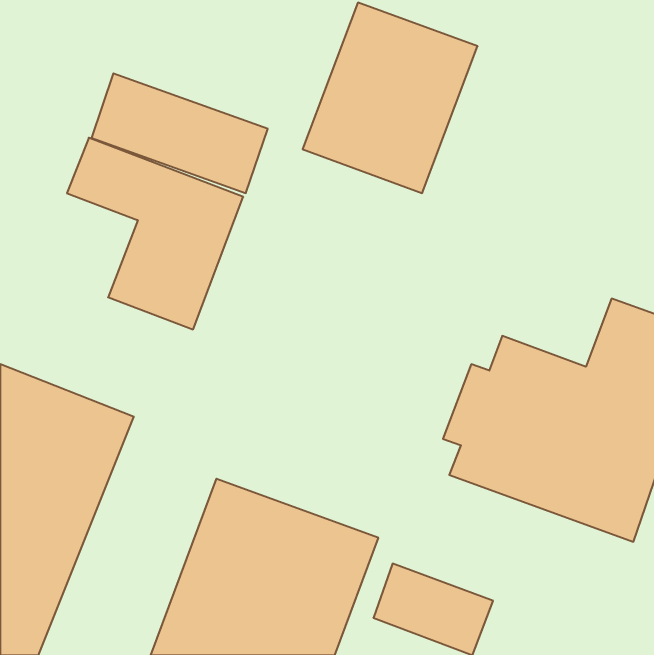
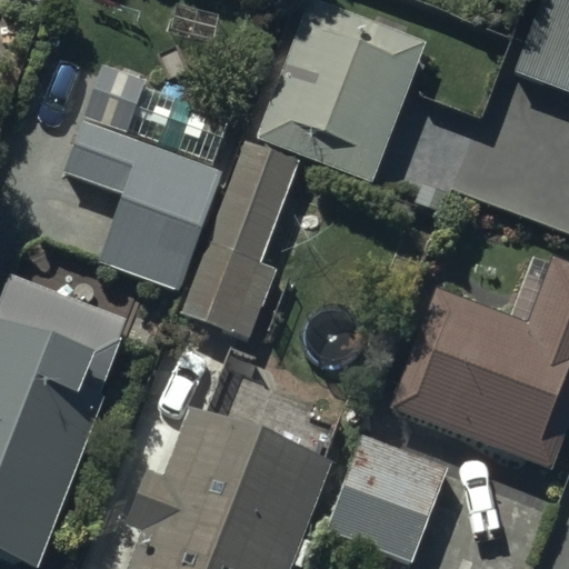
building: none -> [186,146,286,336]

